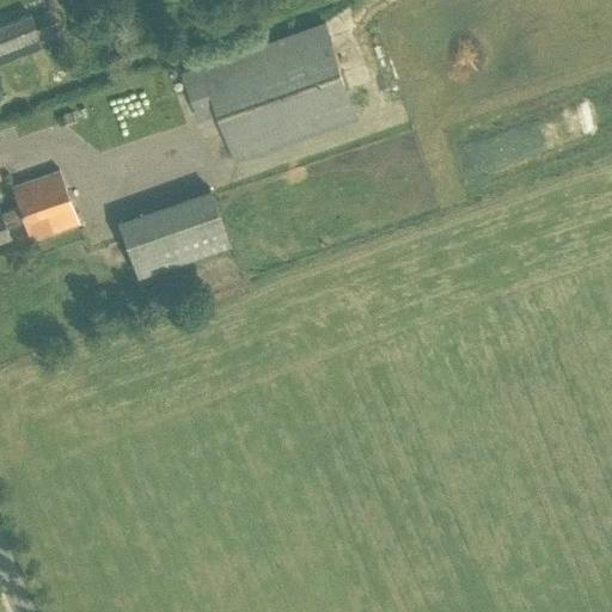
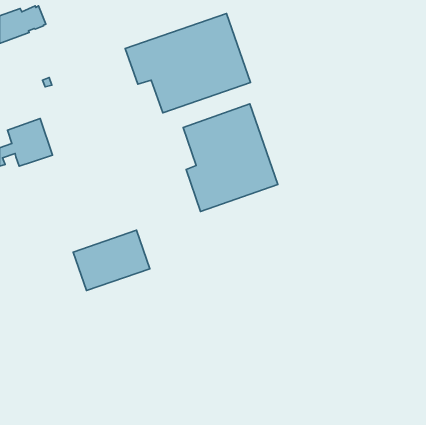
building: none -> [183,104,278,211]
building: [117,192,227,279] -> [73,230,150,290]

